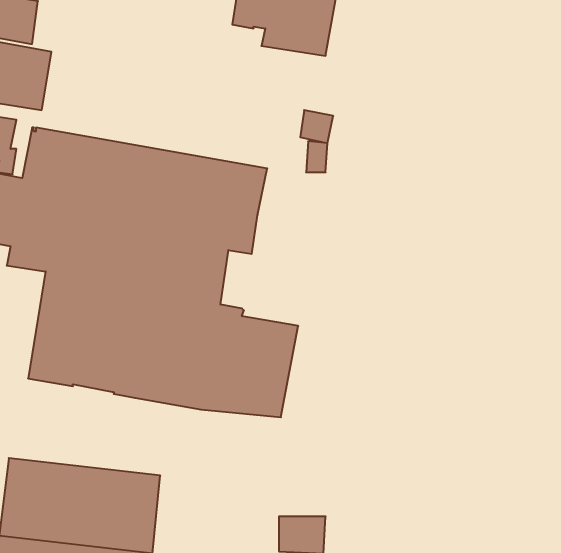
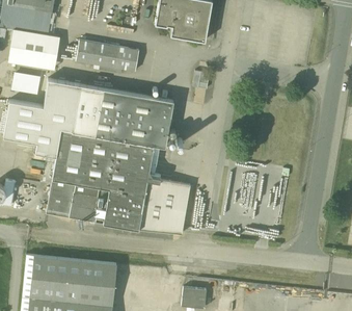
building: none -> [75,40,138,71]

